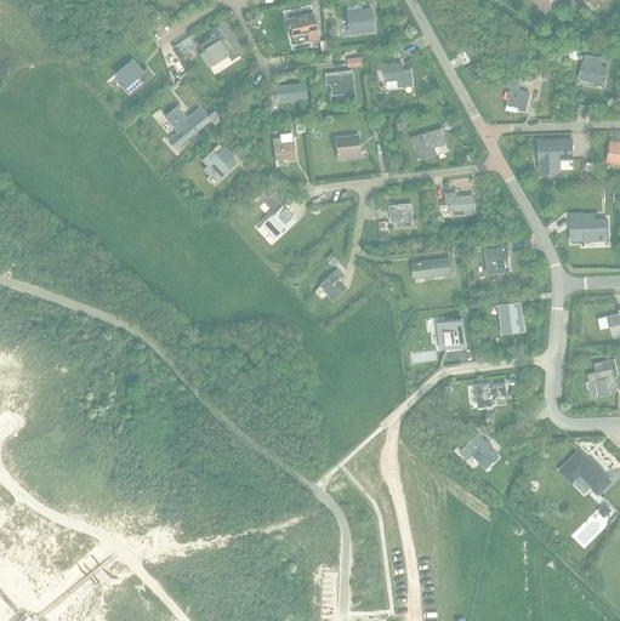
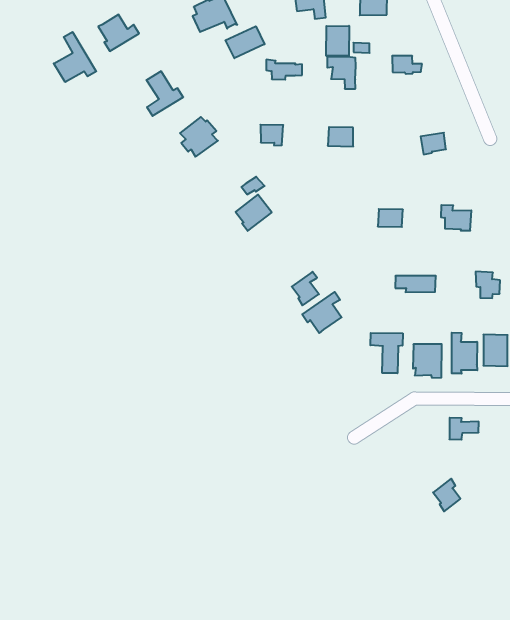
building: none -> [326,26,349,56]
building: none -> [225,26,265,58]
building: none -> [54,32,96,82]
building: none -> [302,292,342,333]
building: none -> [452,333,477,374]
building: none -> [370,333,403,373]

